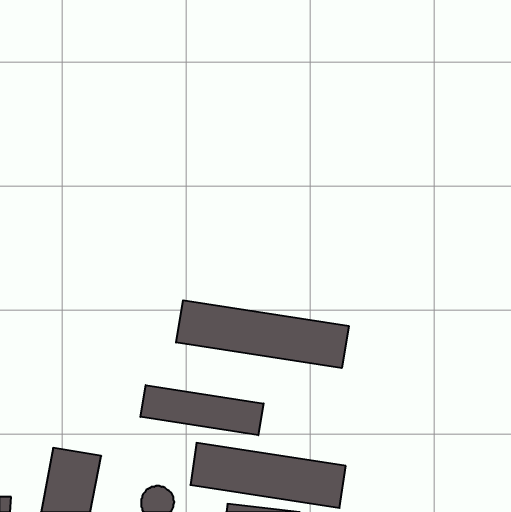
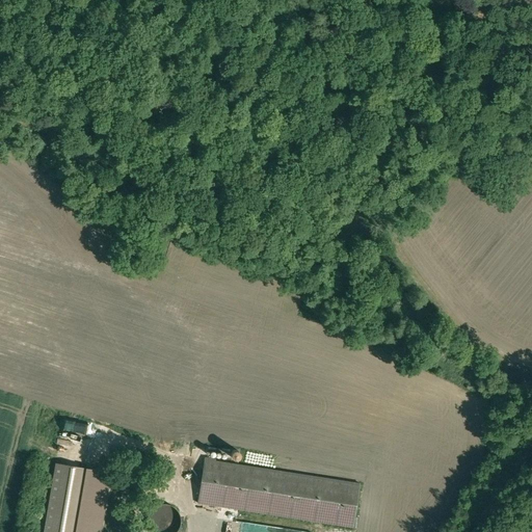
building: [176,300,349,368] -> none
building: [140,385,264,435] -> none

